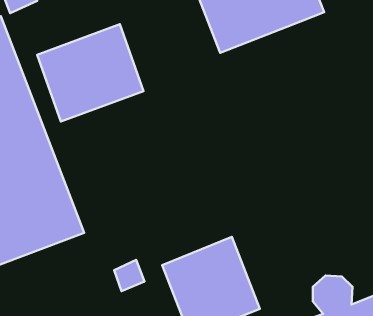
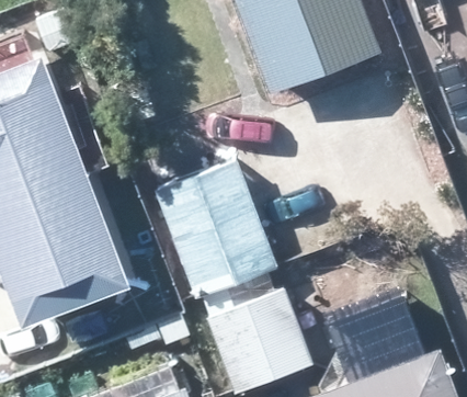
building: [37,24,143,121] -> none
building: none -> [158,161,273,293]

